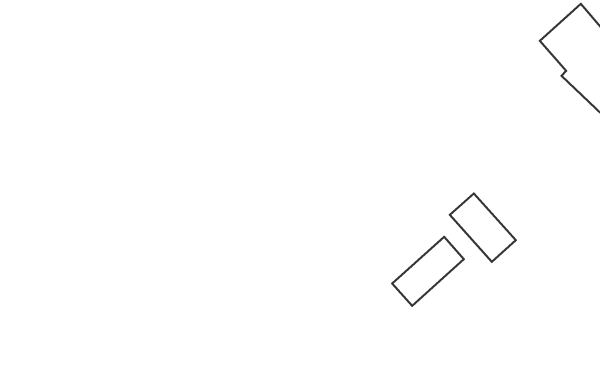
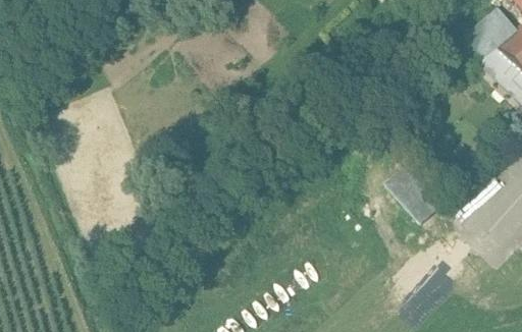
building: [392,237,464,306] -> none

